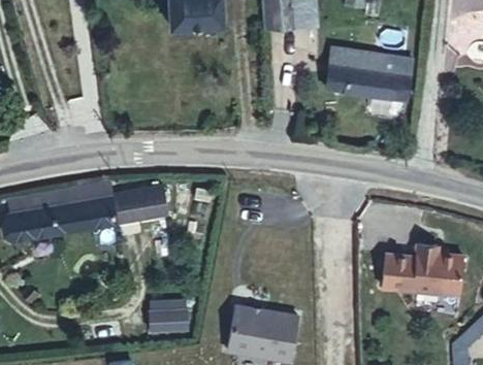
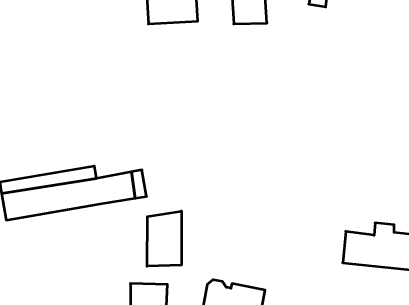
building: [326,46,413,100] -> none
building: none -> [147,211,181,266]

